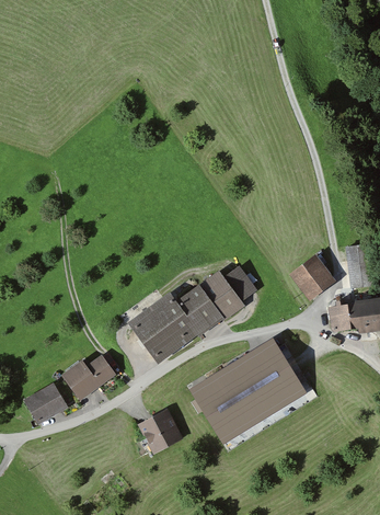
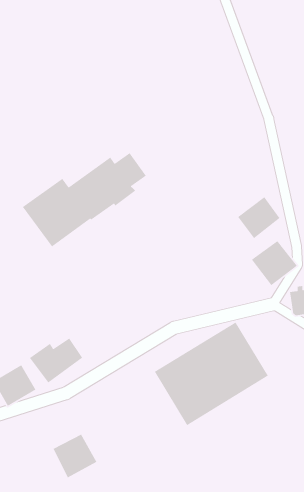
building: none -> [237,196,280,239]
building: [128,266,256,364] -> [22,152,147,247]
building: [137,409,183,455] -> [53,433,97,478]

